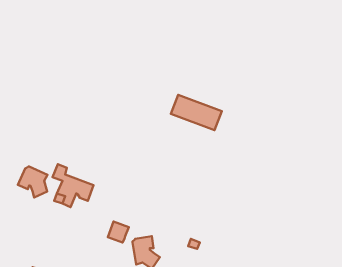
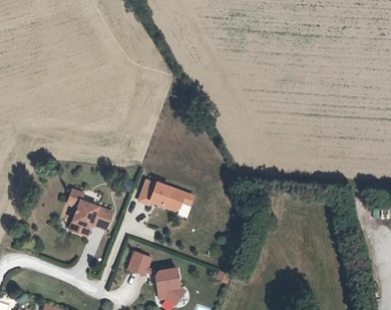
building: [171,95,222,130] -> [139,179,196,218]
building: [18,166,48,198] -> none

